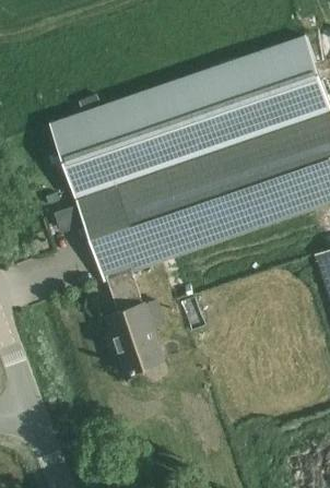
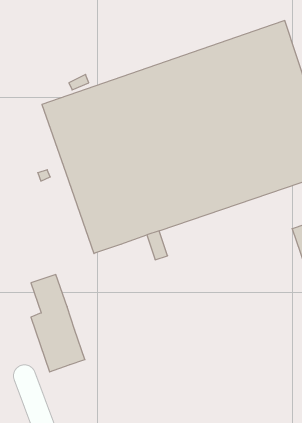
building: [106,271,163,373] -> [31,275,85,372]

